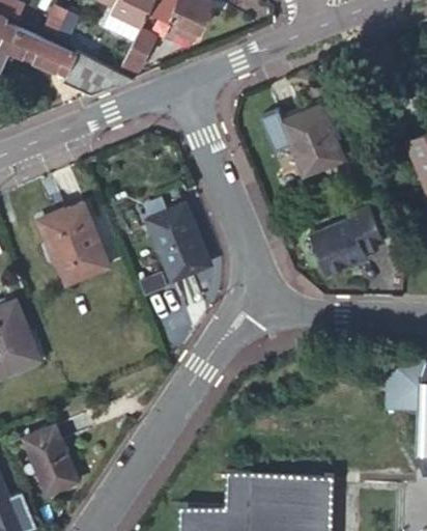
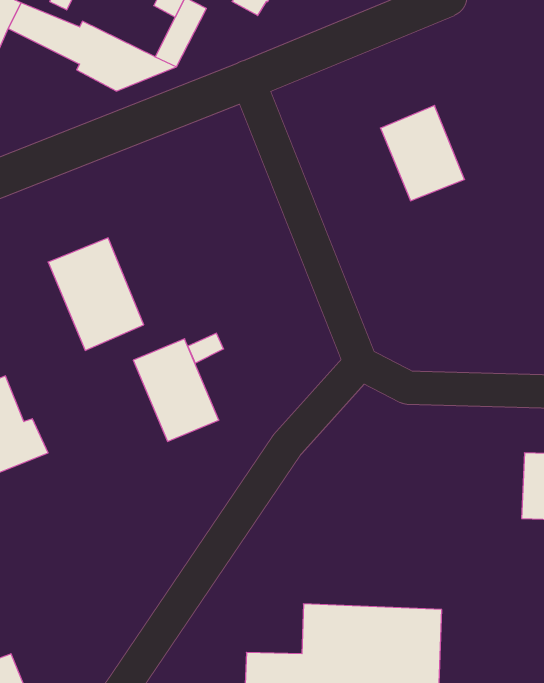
building: [148,205,210,280] -> [133,339,219,441]
building: [311,208,385,277] -> none
building: [19,429,73,498] -> none

